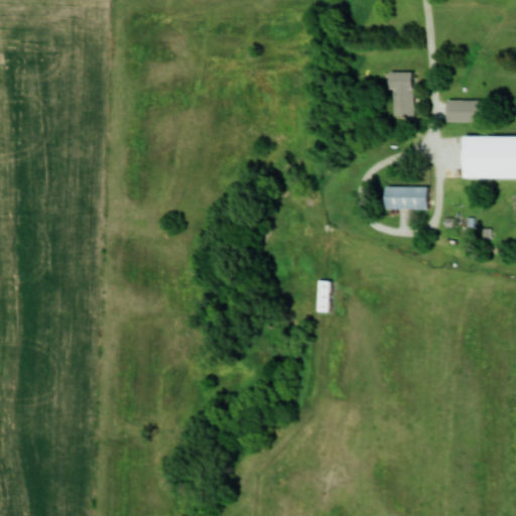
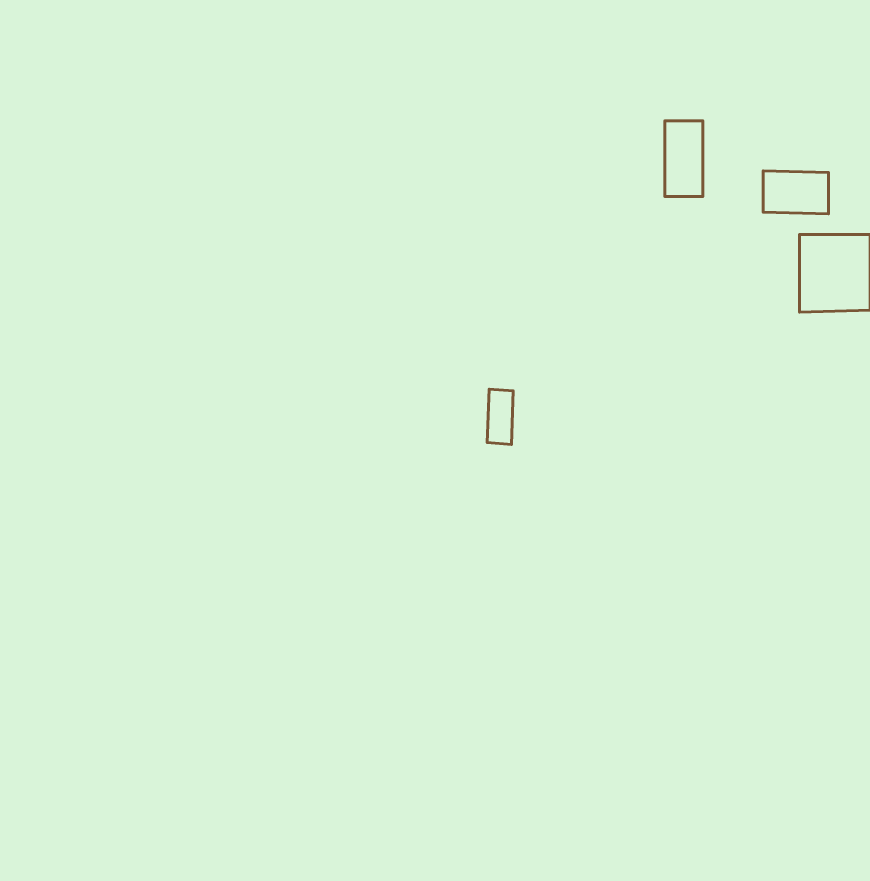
building: [386,185,427,210] -> none
building: [315,280,331,312] -> [487,389,513,444]

